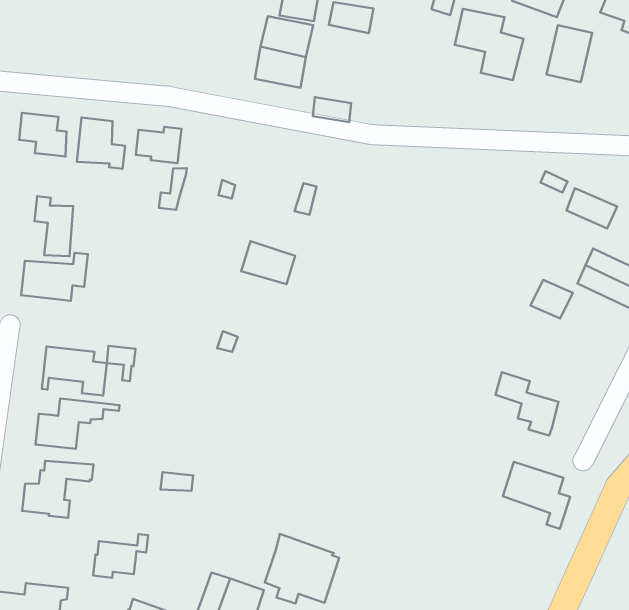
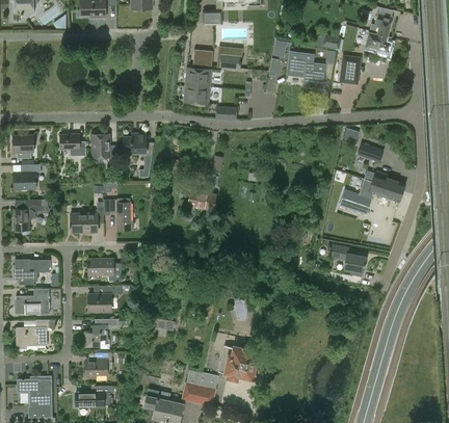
building: [35,196,73,256] -> [110,199,131,230]
building: [503,462,570,529] -> none
building: [93,534,148,578] -> [85,352,112,377]

